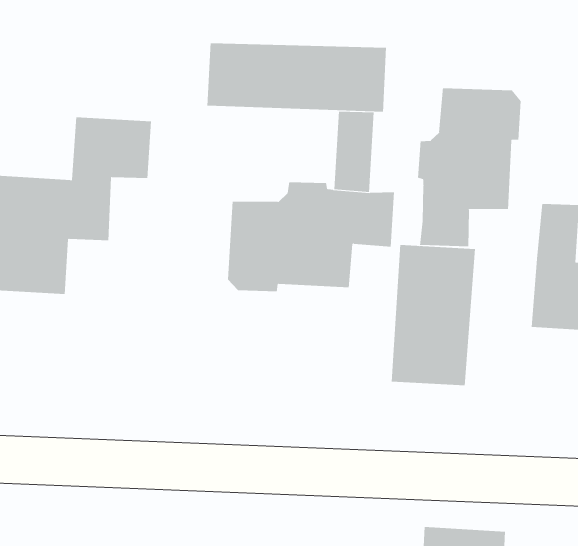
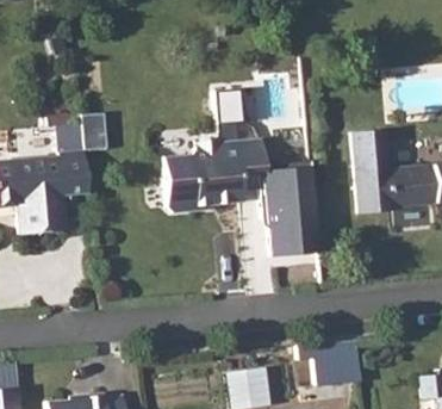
building: [207,42,386,113] -> none
building: [418,87,521,247] -> none

